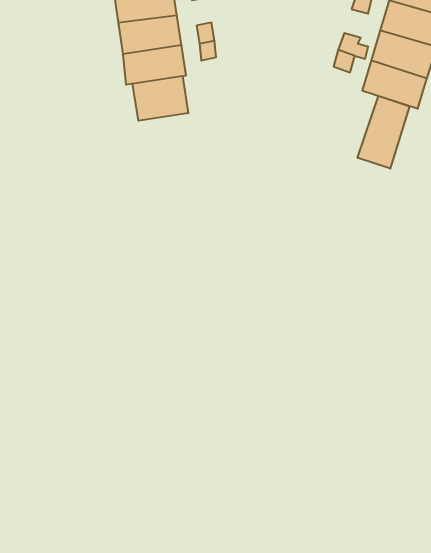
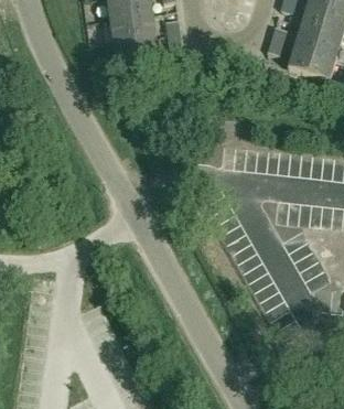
building: [133,76,188,121] -> none
building: [358,96,410,169] -> none

